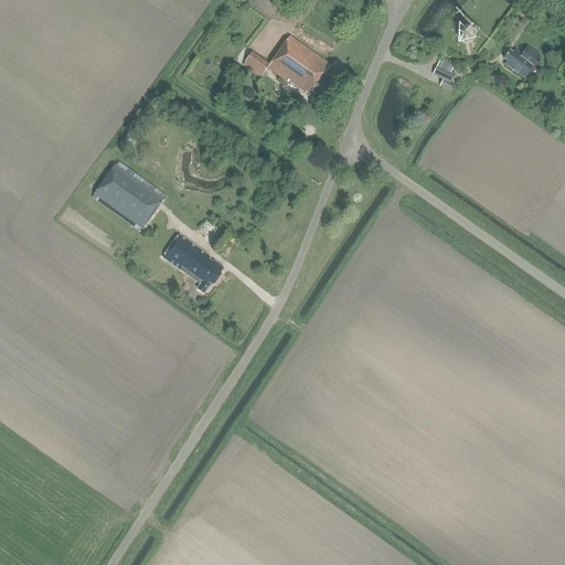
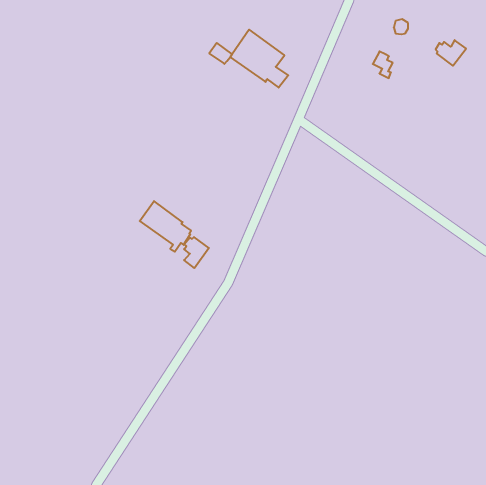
building: [93,163,162,227] -> none
building: none -> [184,237,209,268]

